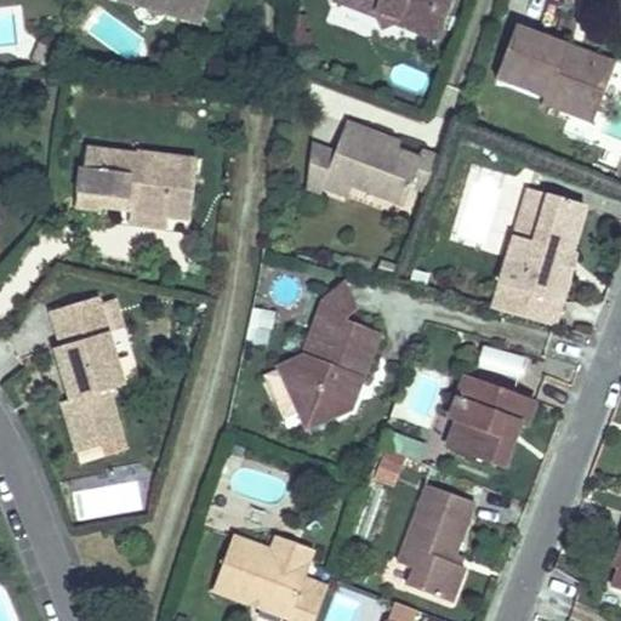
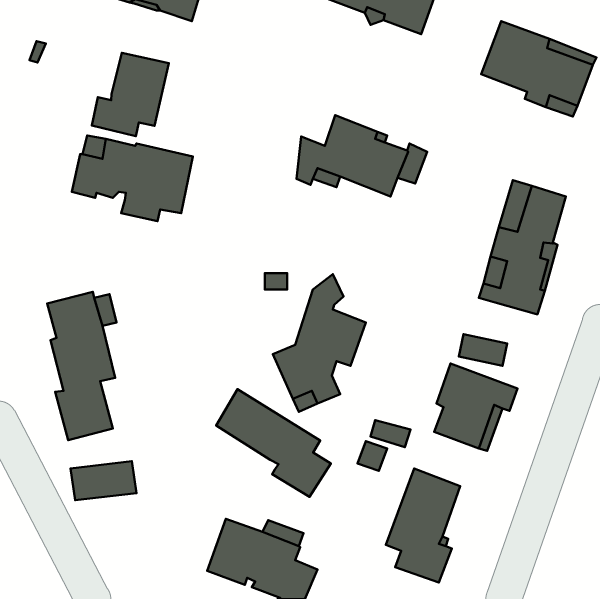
building: none -> [92,53,169,136]
building: none -> [216,389,331,497]

